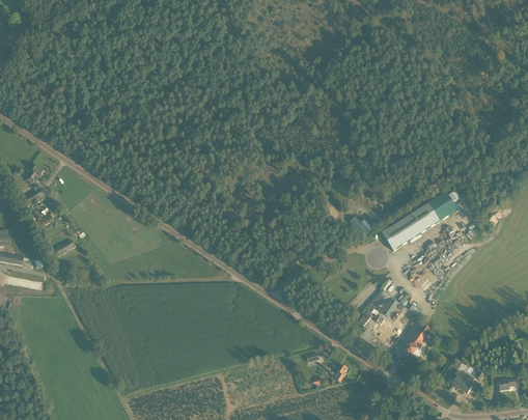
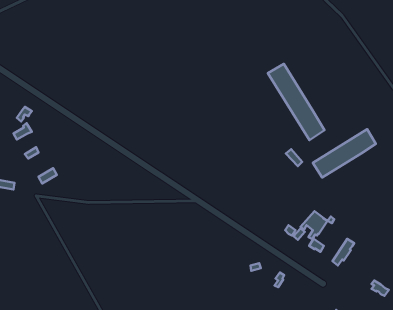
building: none -> [268,64,324,140]

